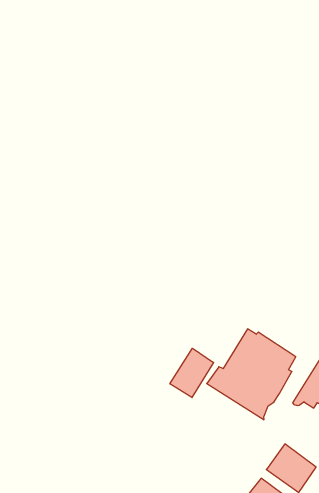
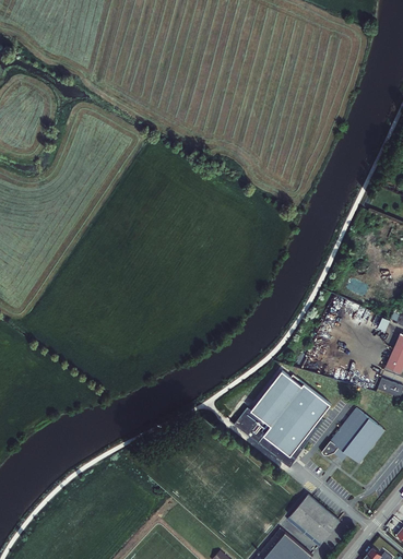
building: [170,348,214,398] -> none

